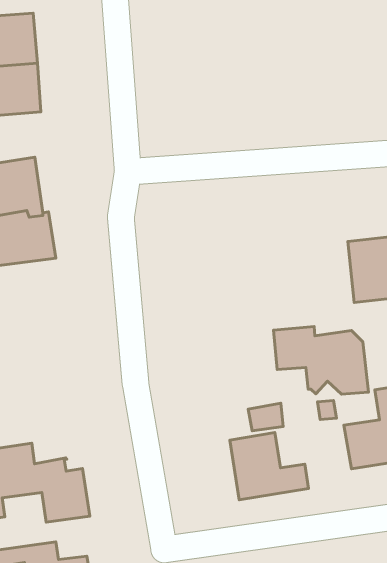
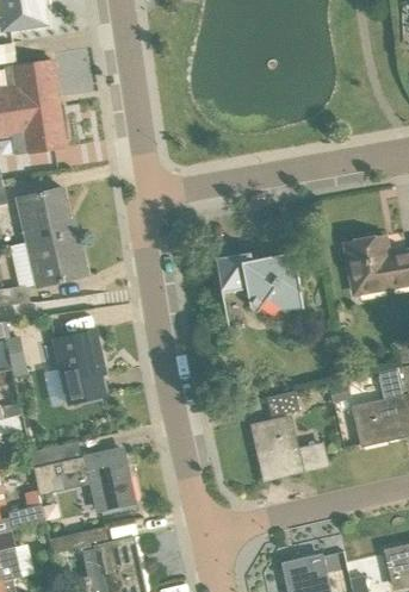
building: none -> [52,331,103,404]
building: [273,326,369,394] -> [213,253,302,312]

